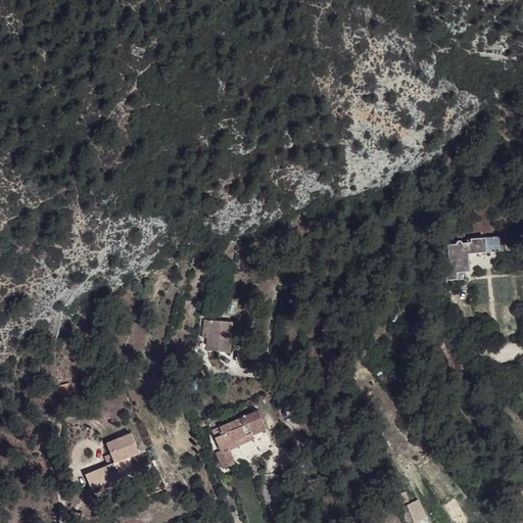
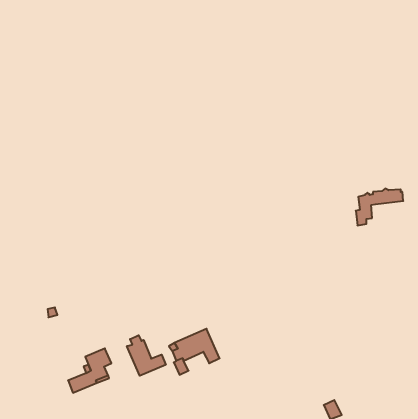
building: [205,320,232,352] -> none
building: none -> [127,335,166,376]

